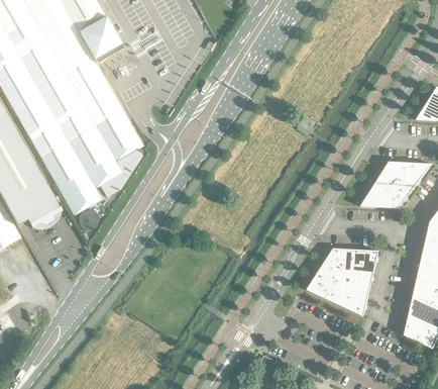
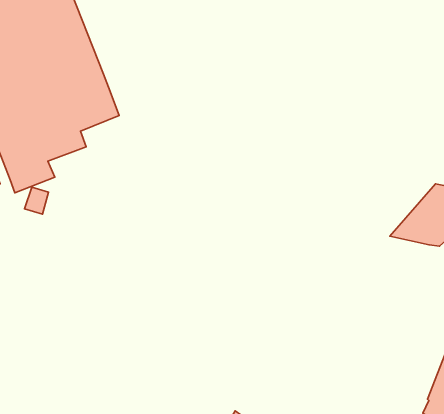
building: [306,248,377,315] -> none

